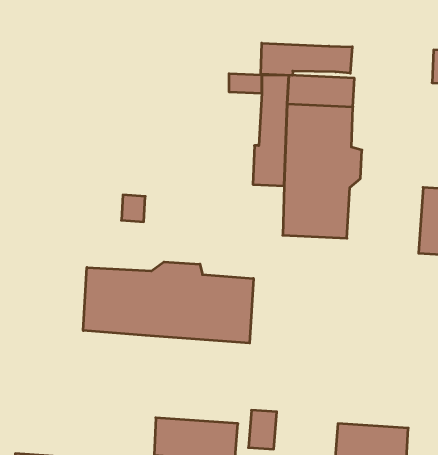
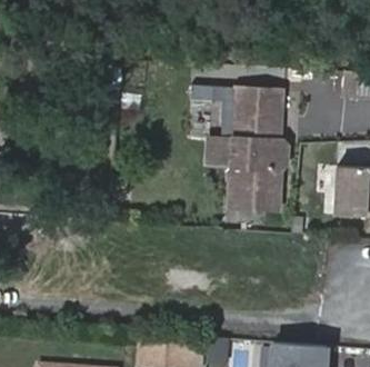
building: [261,43,352,75] -> none
building: [83,262,253,343] -> none

